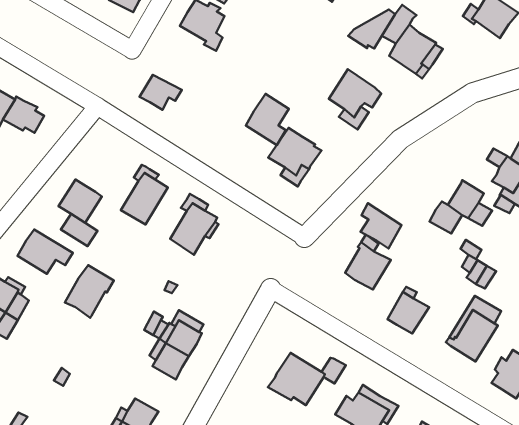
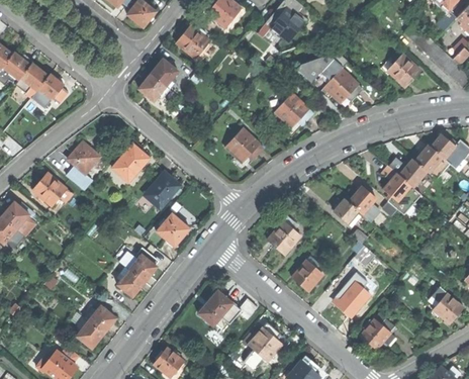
building: none -> [151,60,178,89]
building: [246,94,289,145] -> none
building: [361,203,401,249] -> none
building: none -> [157,213,189,247]
building: [65,265,114,318] -> none

